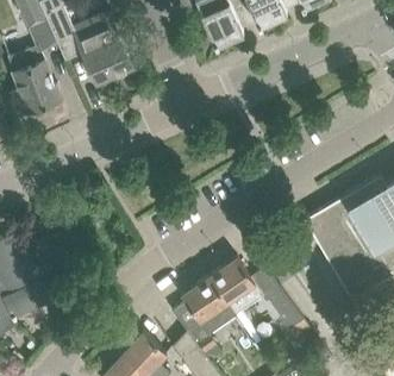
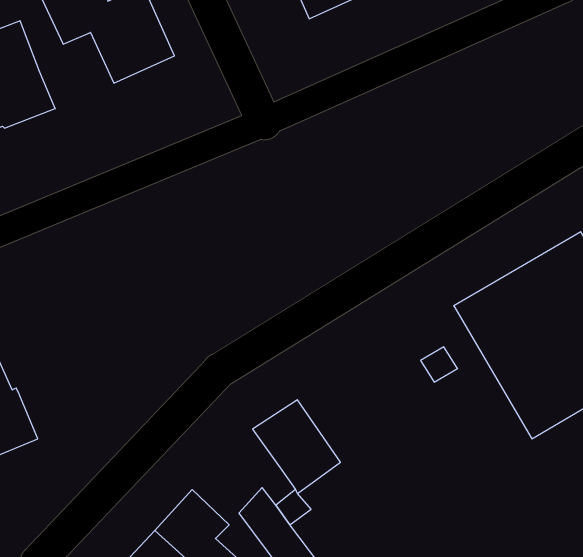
building: [208,256,308,338] -> none

